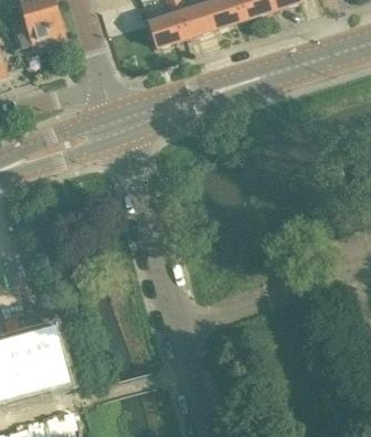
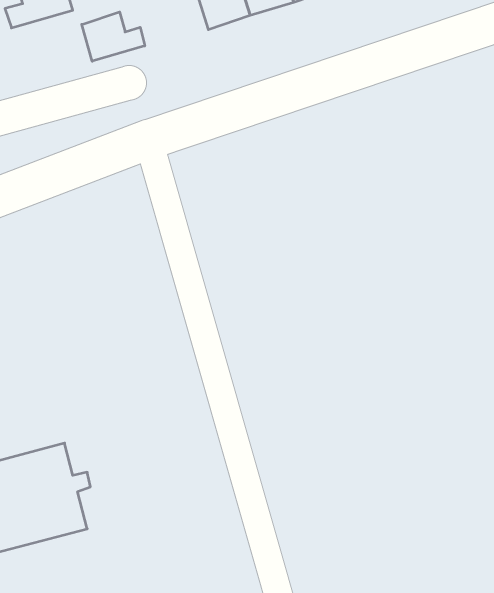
building: none -> [82,12,145,61]

